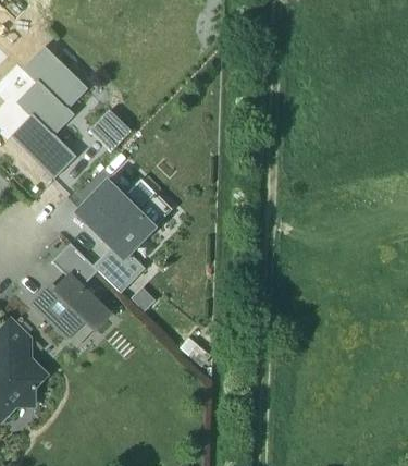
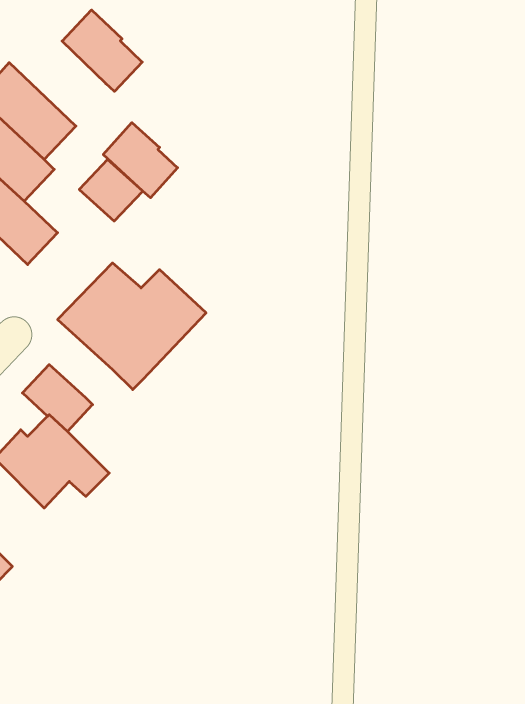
building: none -> [62,10,142,91]
building: none -> [103,123,178,198]
building: [94,246,146,292] -> none

